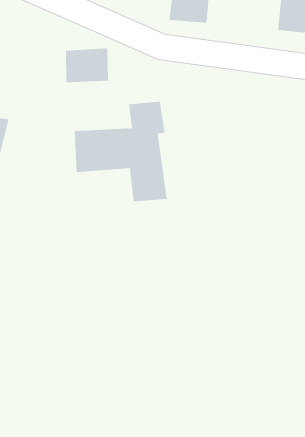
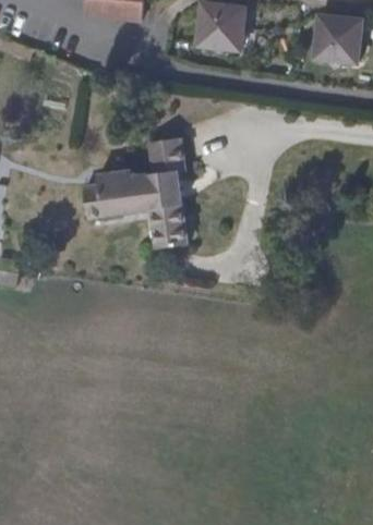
building: [65,47,109,83] -> none

